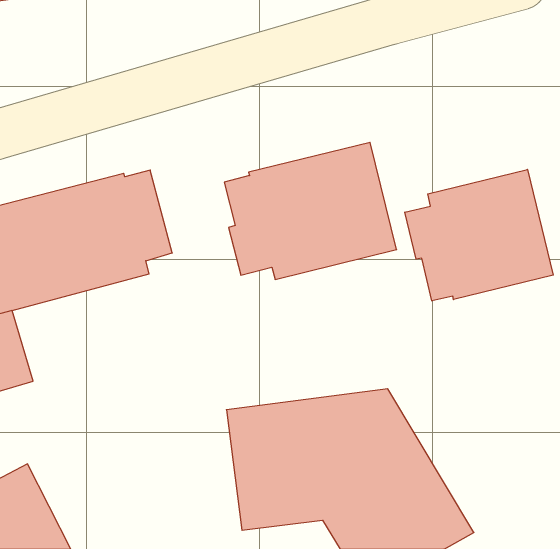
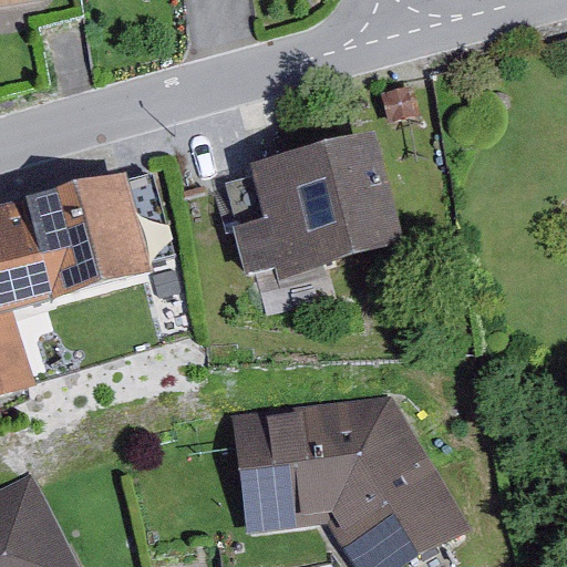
building: [405,169,553,301] -> none

